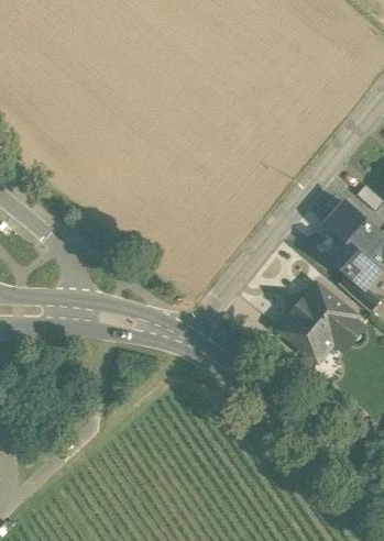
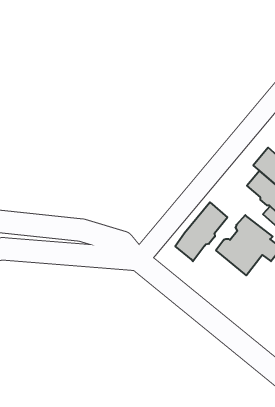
building: none -> [175,202,227,261]

